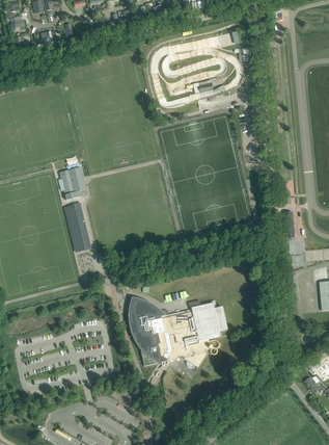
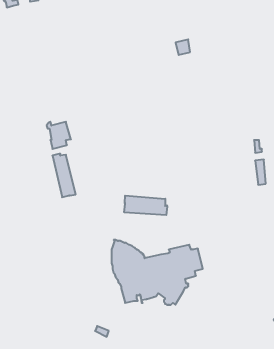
building: none -> [124,196,167,215]

